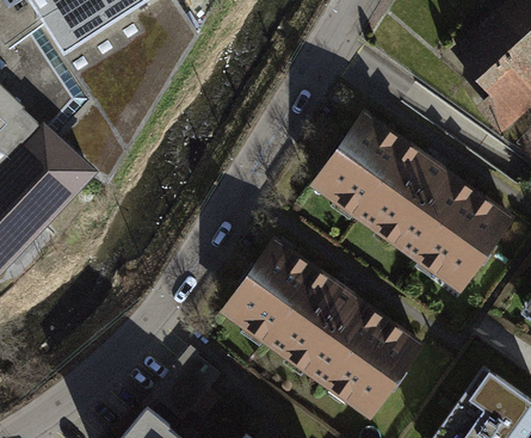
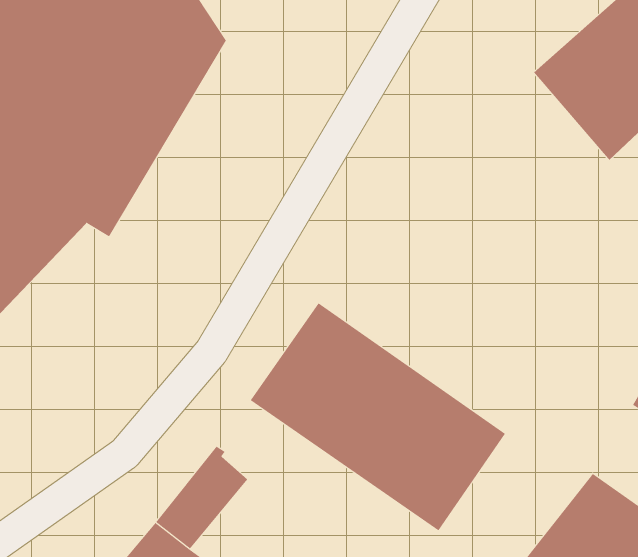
building: [310,112,512,296] -> none

